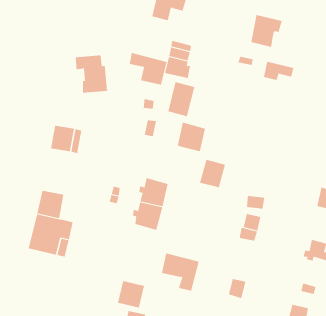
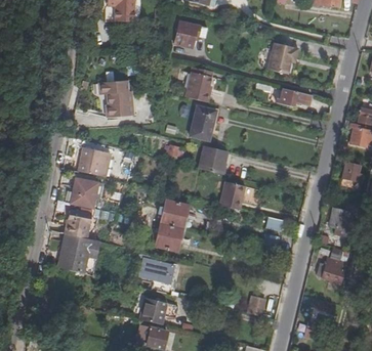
building: [129,52,167,86] -> none
building: none -> [69,177,95,207]
building: [161,253,199,291] -> [141,257,178,294]

